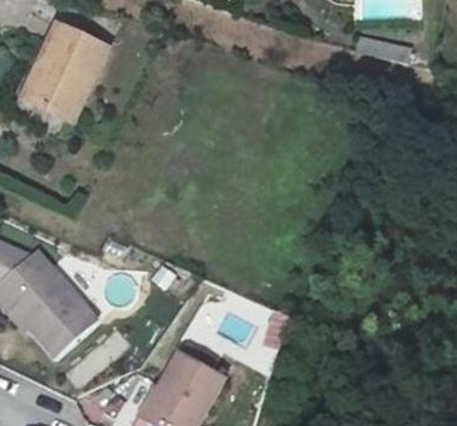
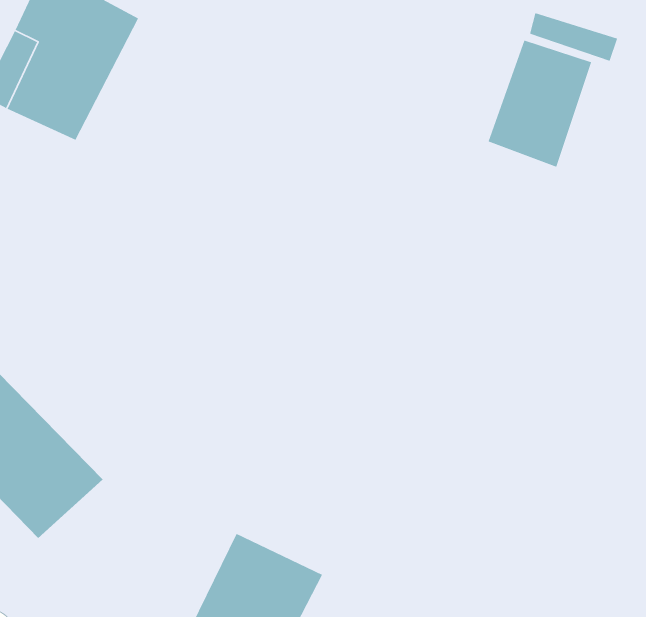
building: none -> [488,40,592,168]

